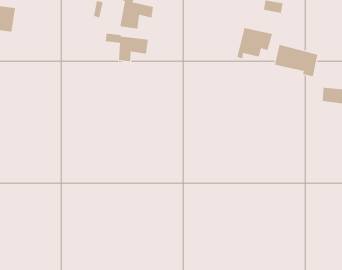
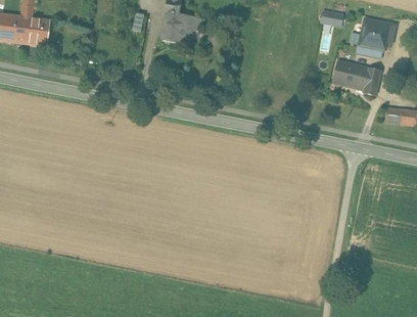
building: [236,27,273,59] -> [356,17,396,52]
building: [105,33,148,62] -> none

